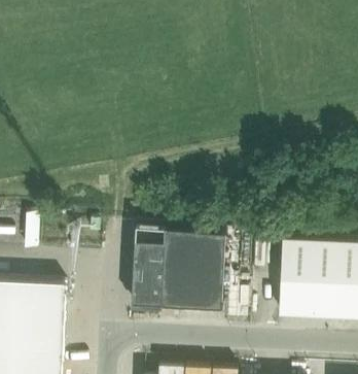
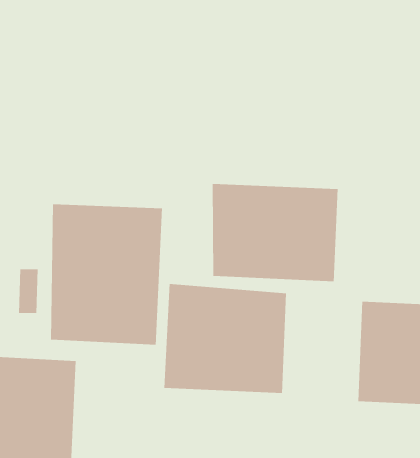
building: none -> [212,183,338,282]
building: none -> [51,204,162,346]

